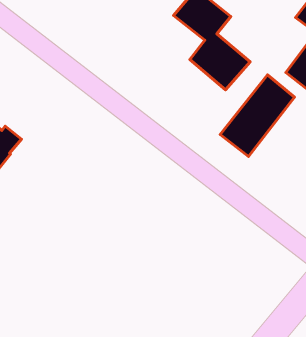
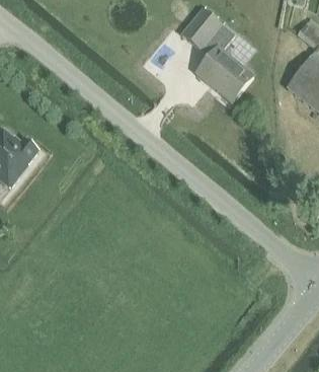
building: [220,75,294,156] -> none

